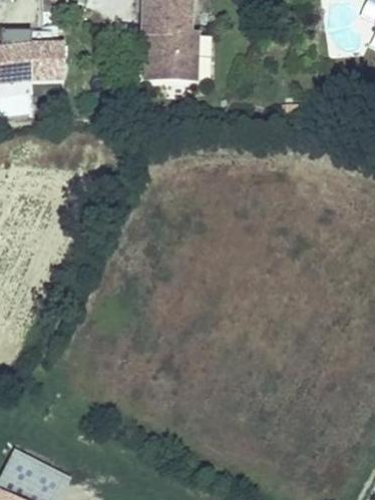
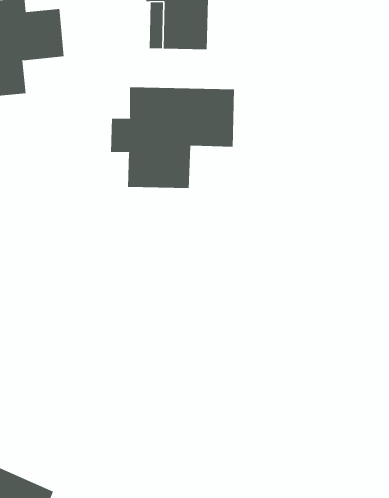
building: none -> [110,87,235,189]

